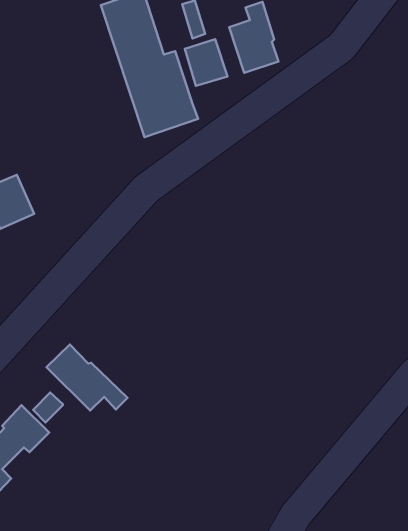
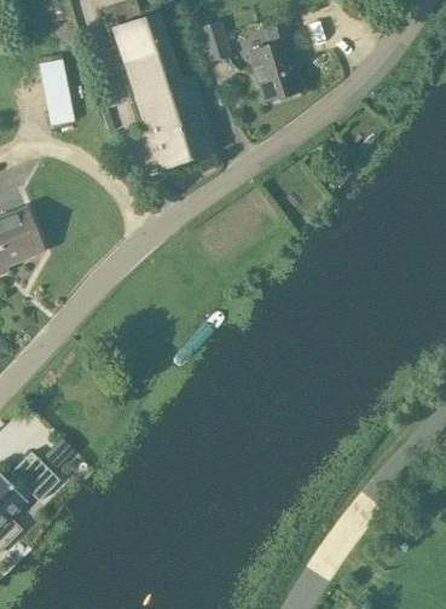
building: none -> [39,58,74,124]
building: [185,39,227,86] -> none
building: [47,344,128,411] -> none

